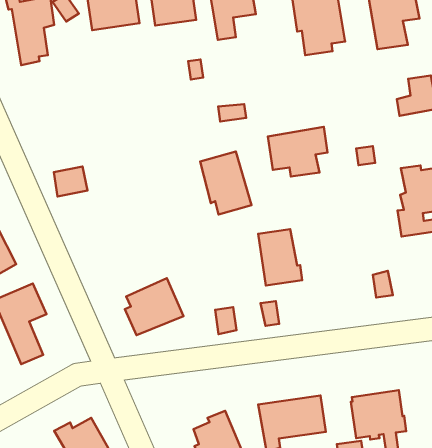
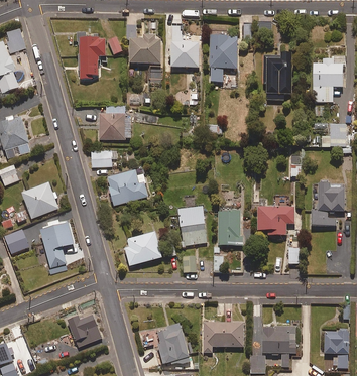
building: none -> [98,107,130,139]
building: [268,127,328,177] -> [256,206,293,235]
building: [200,152,251,214] -> [177,206,207,245]
building: none -> [106,169,147,205]

